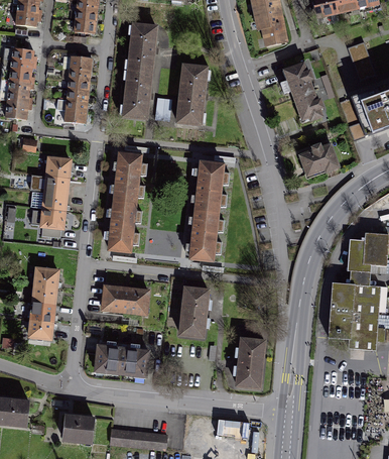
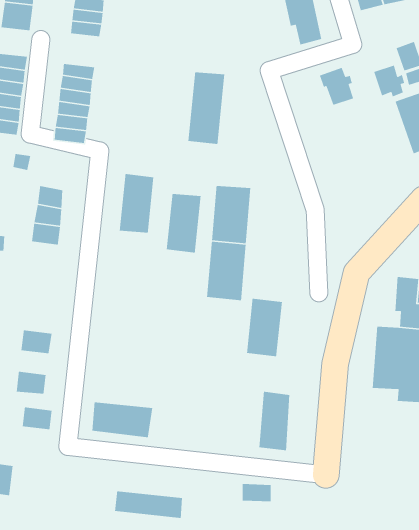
building: [117,24,156,121] -> none
building: [296,89,323,117] -> [373,64,405,98]
building: [300,138,341,175] -> none
building: [109,202,139,253] -> [166,193,201,253]
building: [37,211,62,230] -> none
building: [32,267,59,289] -> none
building: [102,284,148,315] -> none
building: [176,289,208,339] -> [246,298,283,357]
building: [28,304,54,324] -> [22,407,52,430]
building: [58,416,90,443] -> none

